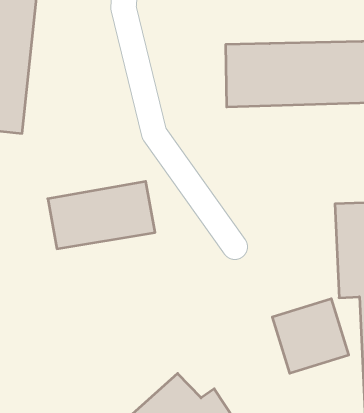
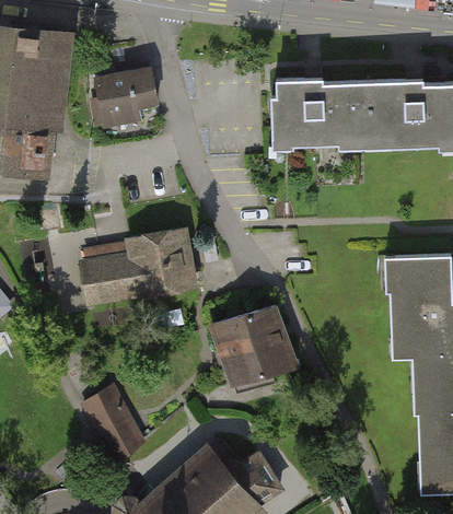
building: none -> [93,69,158,130]
building: [272,299,349,373] -> [216,305,298,385]
building: none -> [85,385,149,460]

